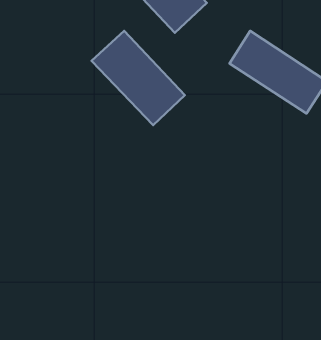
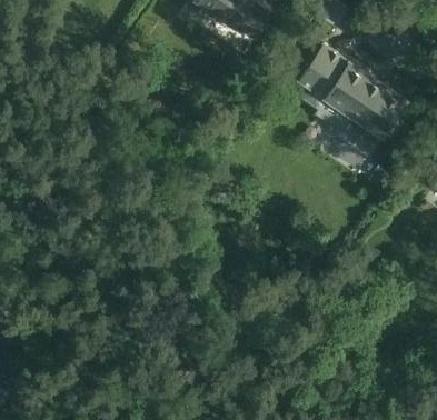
building: [91,31,185,125] -> none

